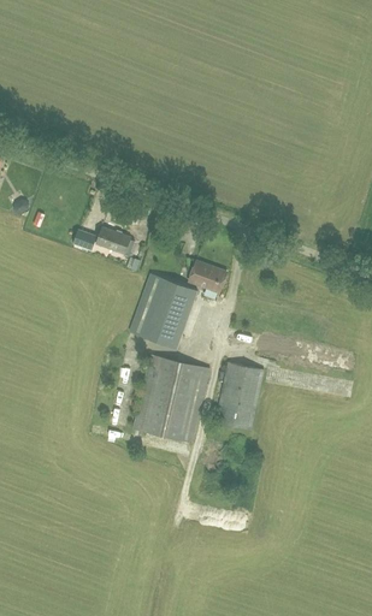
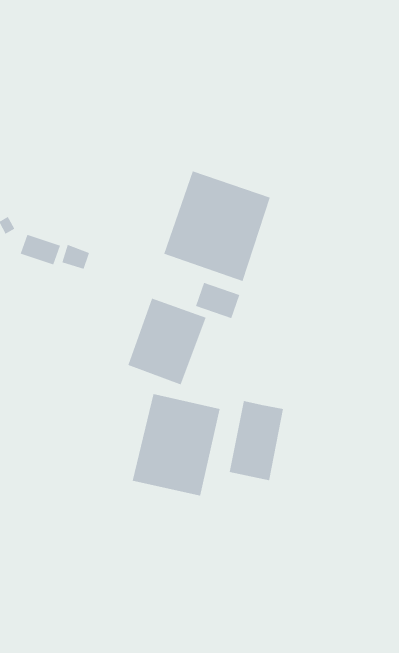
building: none -> [163,170,270,282]
building: [95,226,130,253] -> [20,234,61,265]

